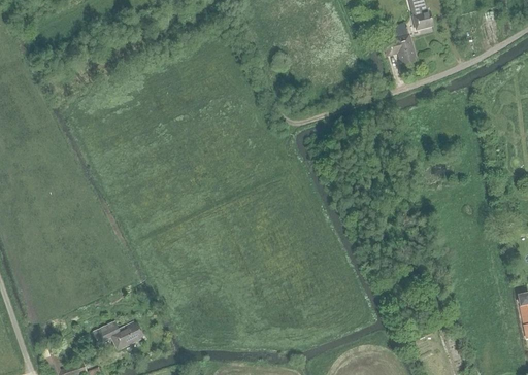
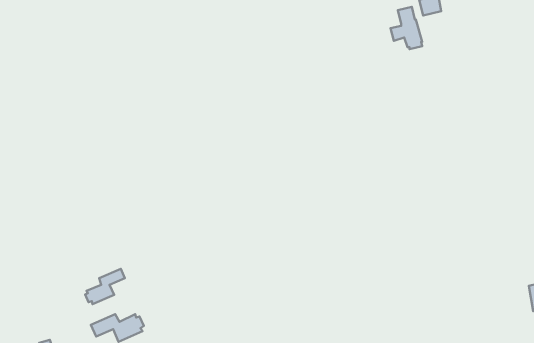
building: none -> [85,269,125,304]

